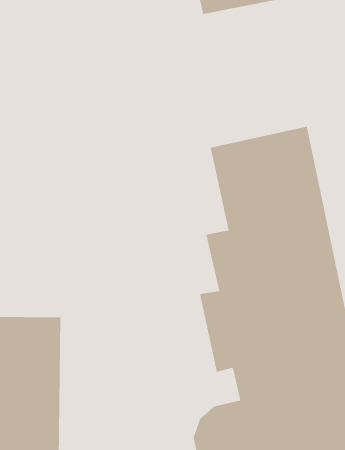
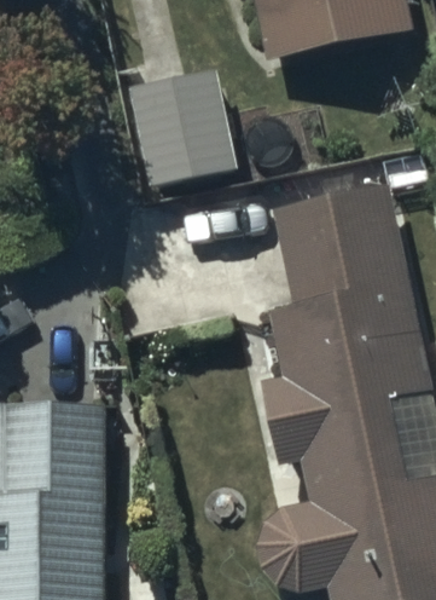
building: none -> [129,70,238,189]

